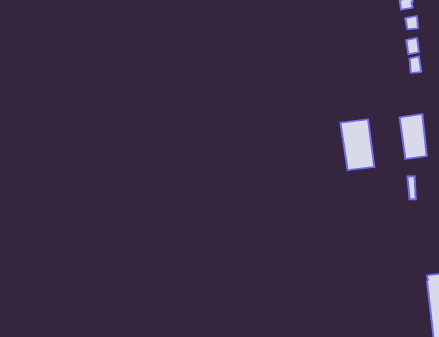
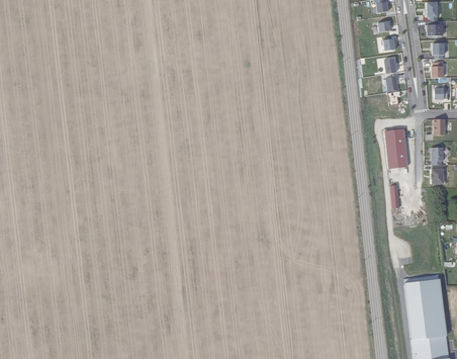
building: [340,119,374,170] -> none

